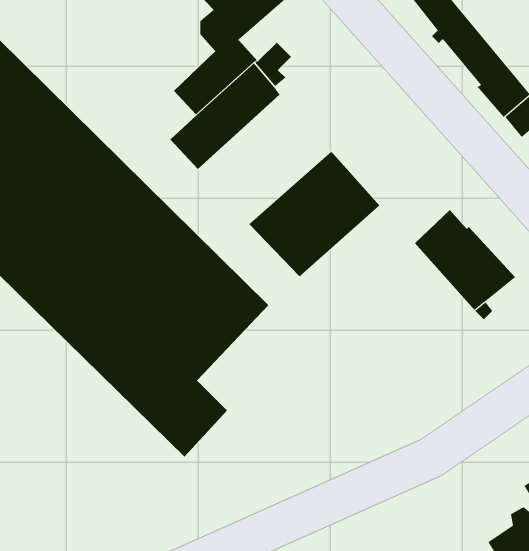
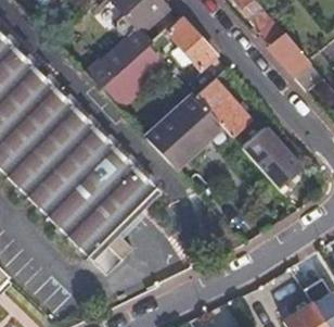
building: none -> [168,18,216,68]
building: none -> [195,79,251,137]

